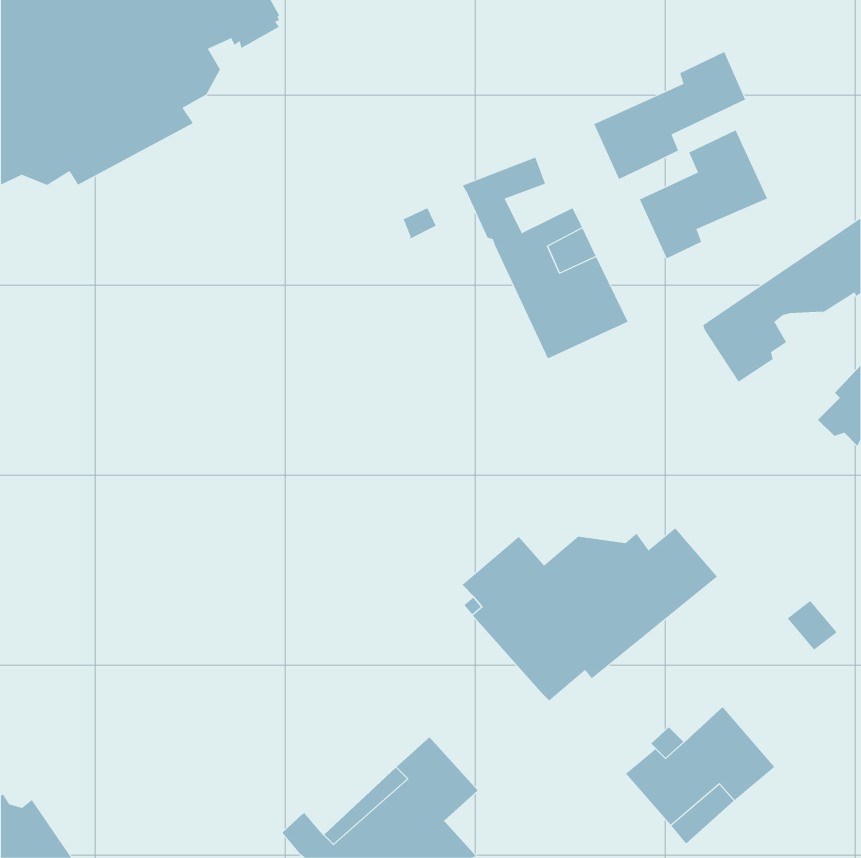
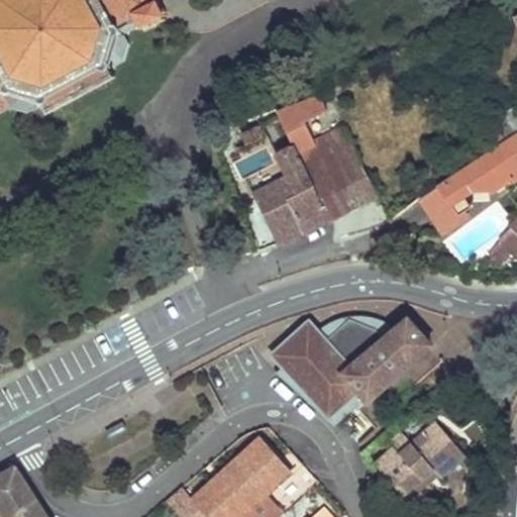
building: [594,51,746,180] -> none
building: [639,129,768,259] -> none
building: none -> [254,146,328,240]

